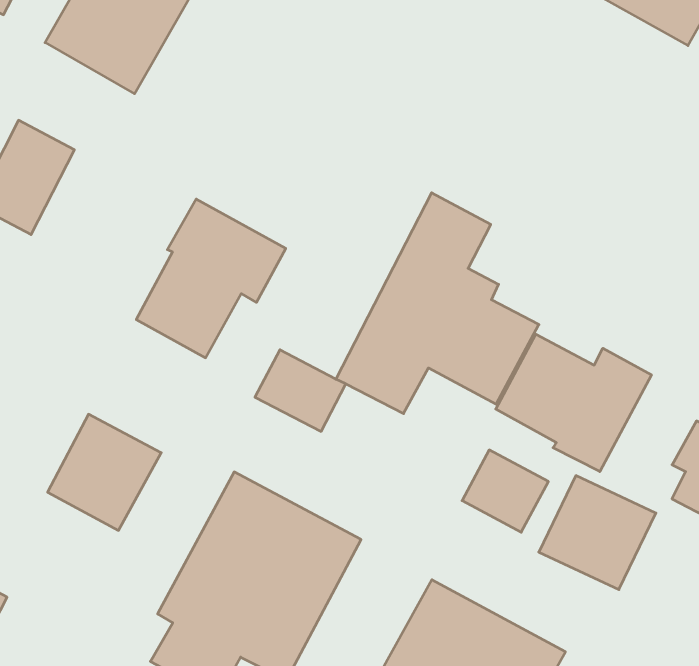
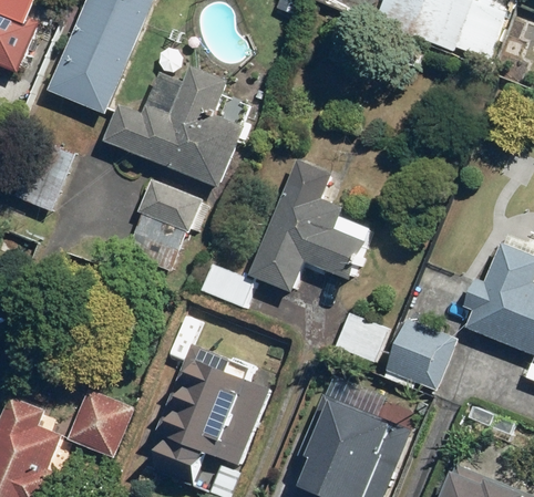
building: none -> [104,65,243,188]
building: [496,334,651,472] -> none
building: [48,414,161,530] -> [66,387,134,457]

